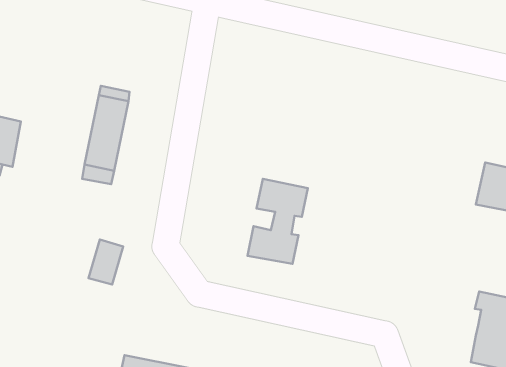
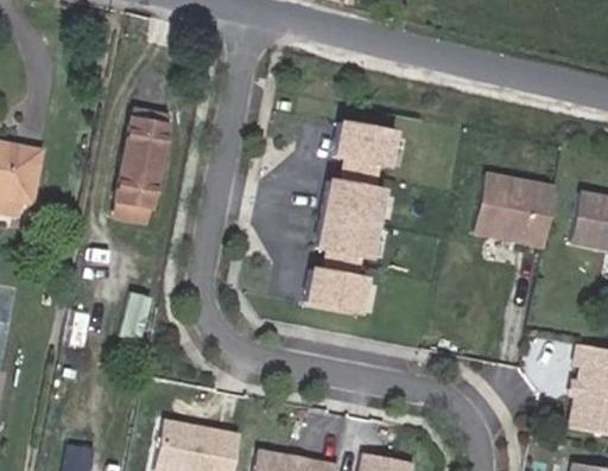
building: none -> [324,127,394,225]
building: none -> [475,177,556,248]

